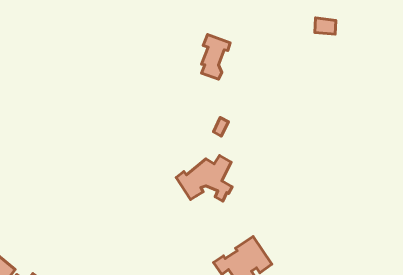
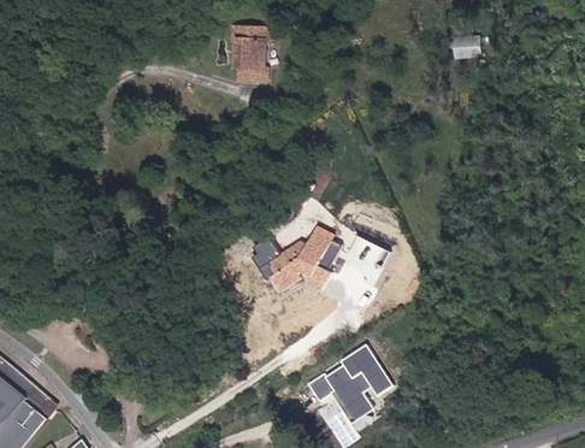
building: [202,35,230,79] -> [236,18,277,82]

